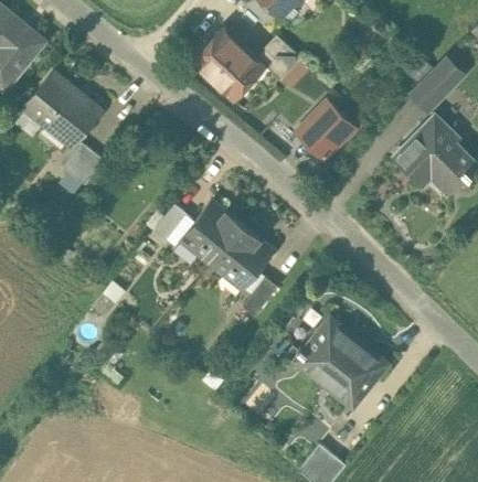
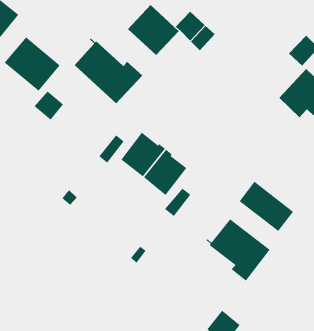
building: none -> [74,38,143,104]
building: [293,104,354,168] -> none
building: none -> [239,181,294,232]

